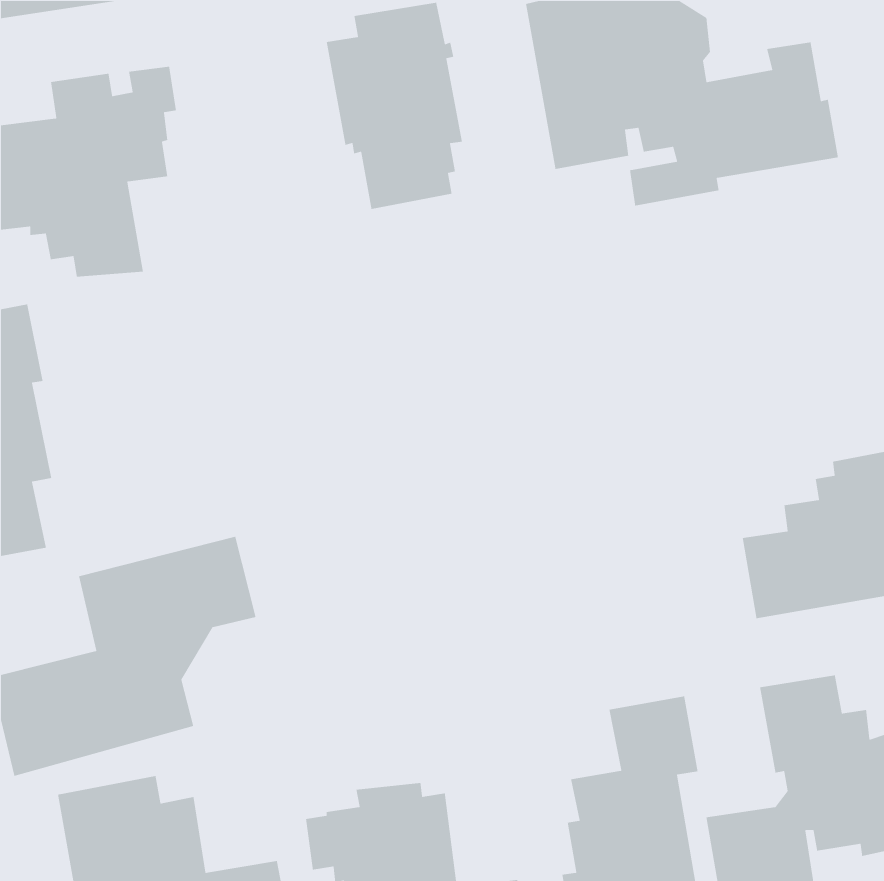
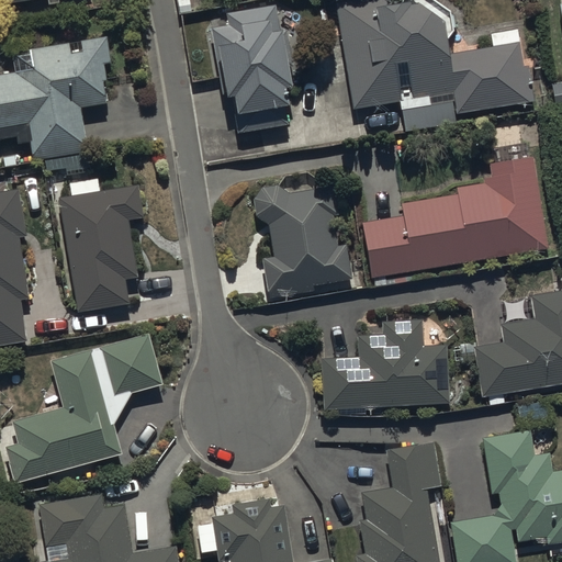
building: none -> [362,154,551,273]
building: none -> [57,178,145,312]
building: none -> [251,184,352,297]
building: none -> [322,321,451,408]

